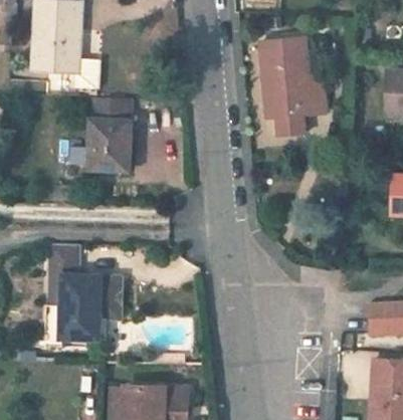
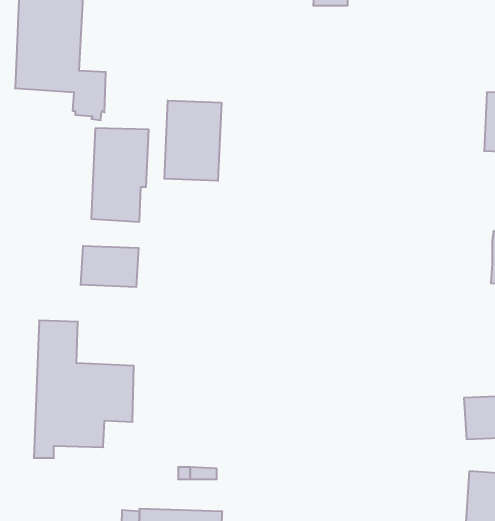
building: [264,37,327,132] -> none
building: none -> [164,100,221,181]
building: none -> [81,246,139,287]

